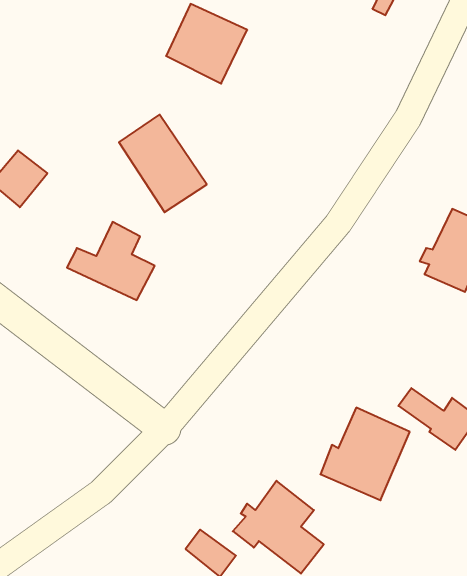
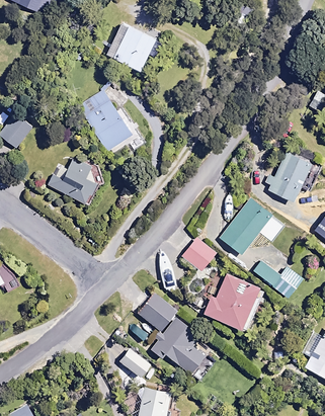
building: none -> [218,196,273,256]
building: none -> [180,237,216,272]
building: none -> [138,293,176,331]

